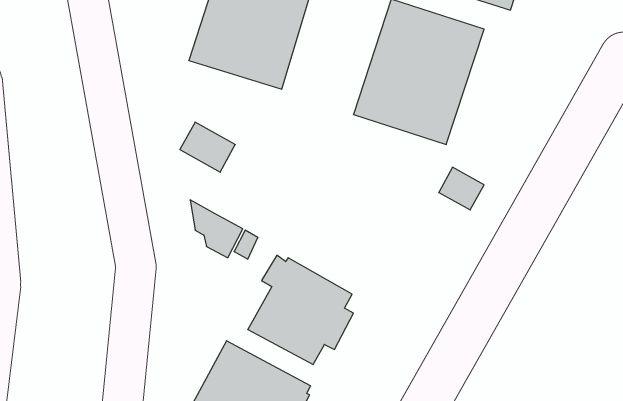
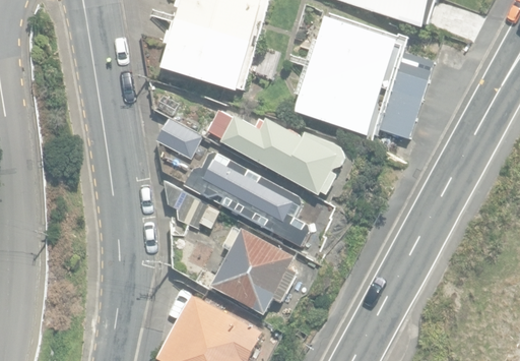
building: none -> [377,50,434,137]
building: none -> [206,109,343,196]
building: none -> [184,152,307,244]

